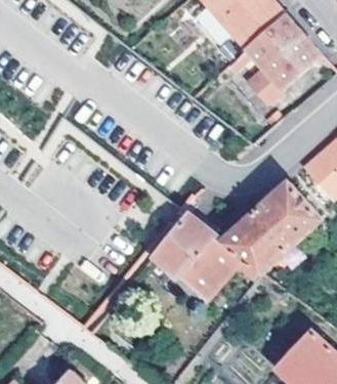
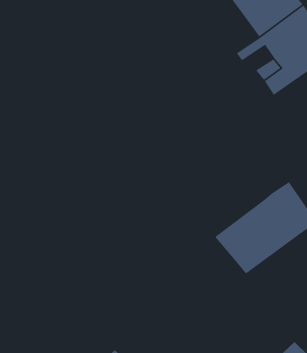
building: [148,211,241,299] -> none

